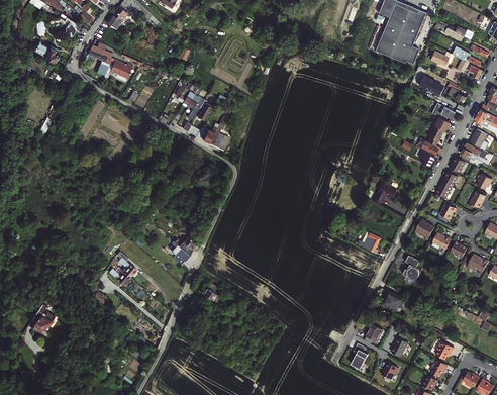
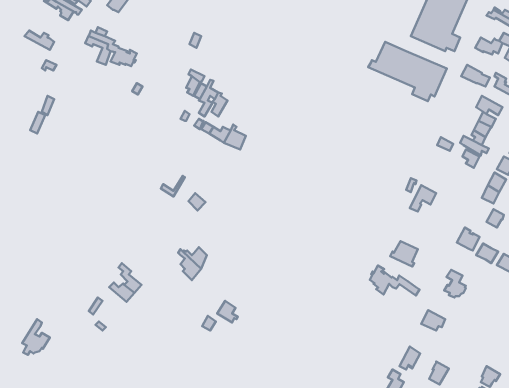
building: none -> [368,42,447,101]
building: none -> [370,265,420,296]

